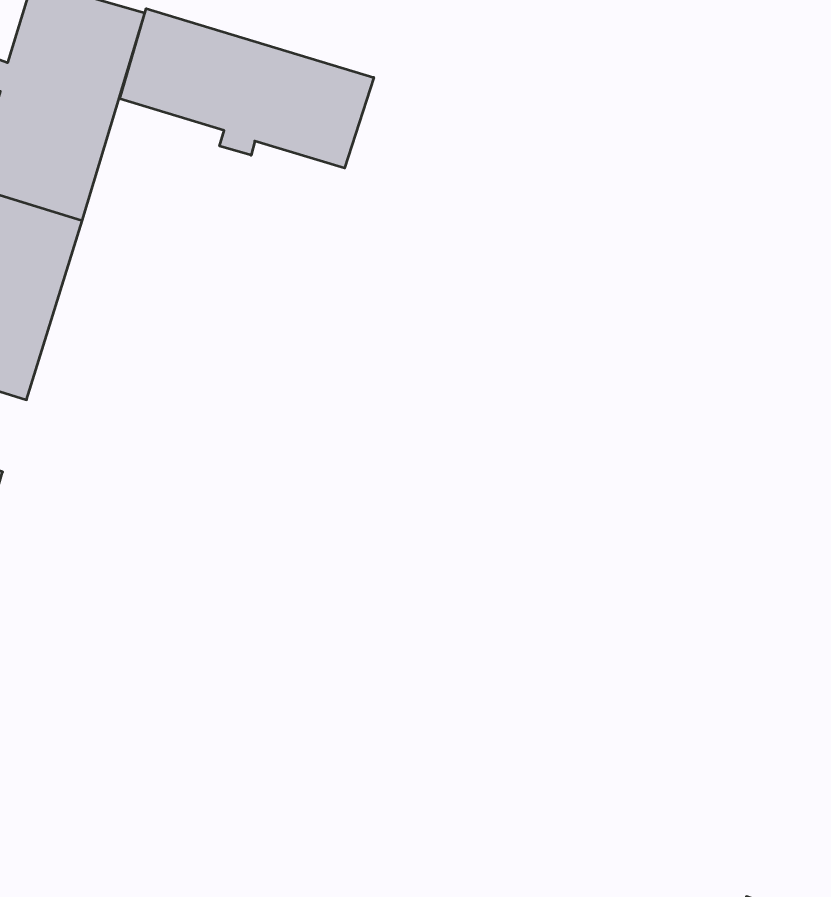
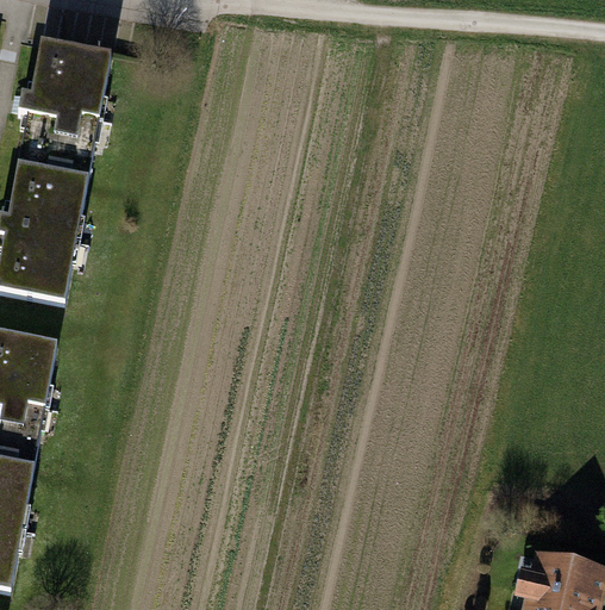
building: [120,9,374,168] -> none

